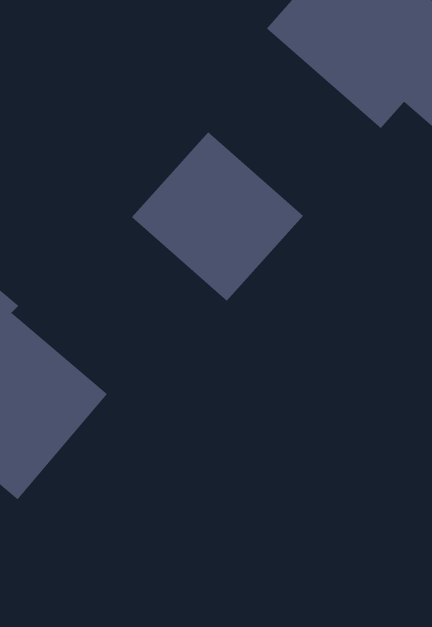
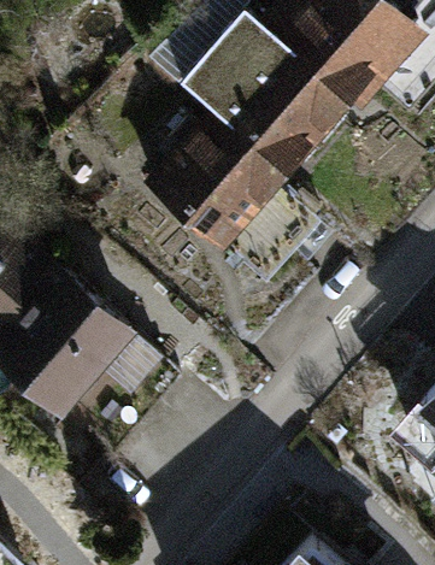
building: none -> [180,18,353,187]

